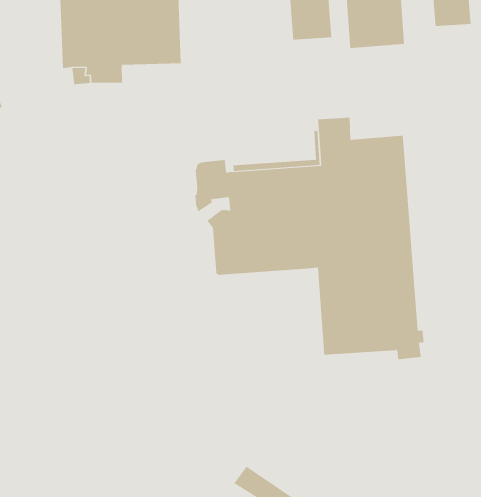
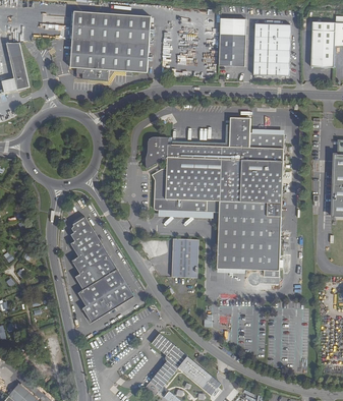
building: none -> [70,217,134,323]
building: none -> [171,238,198,277]

